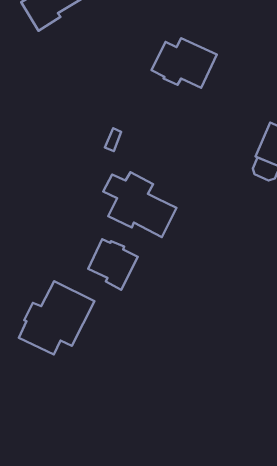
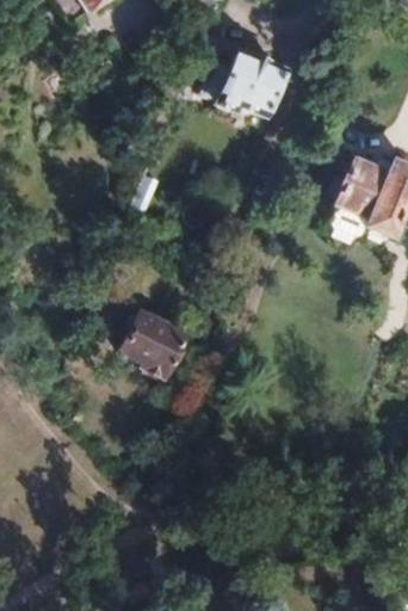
building: [103,172,176,237] -> none
building: [19,281,95,355] -> none

